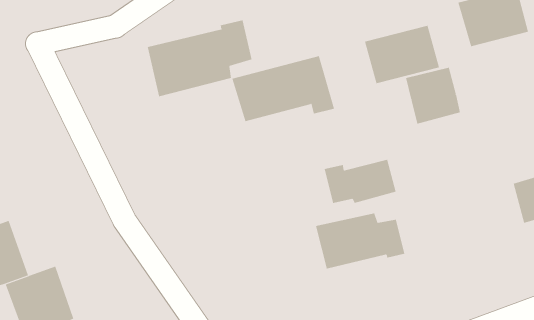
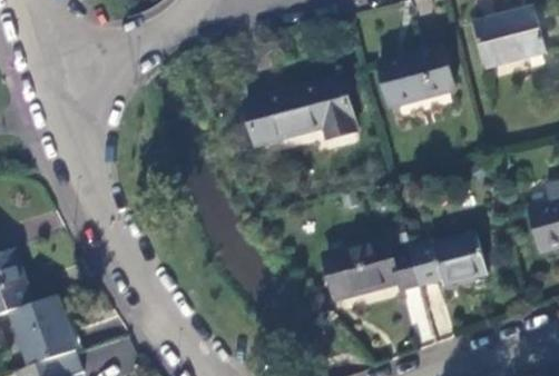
building: [147,19,252,97] -> none
building: [405,67,461,124] -> none
building: [324,159,397,204] -> [410,238,484,284]

